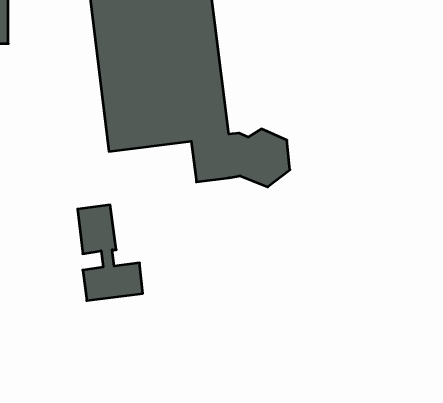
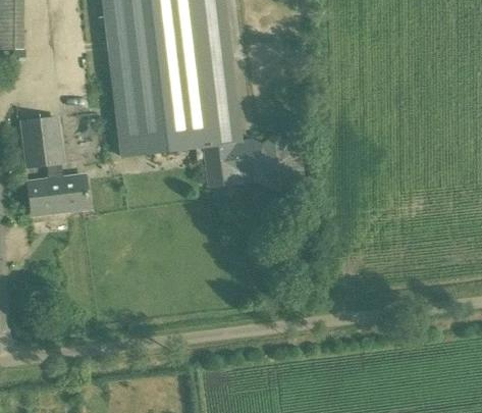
building: [78,205,143,301] -> [22,118,88,214]

